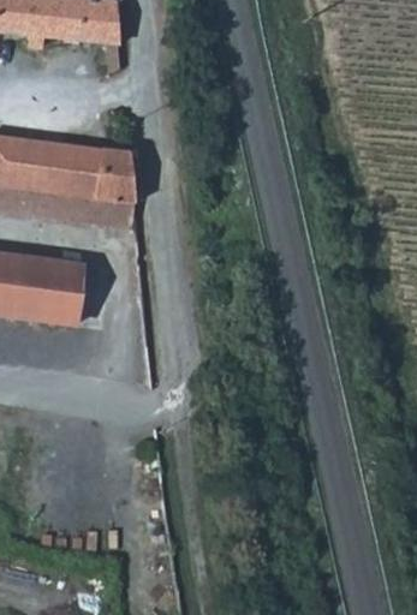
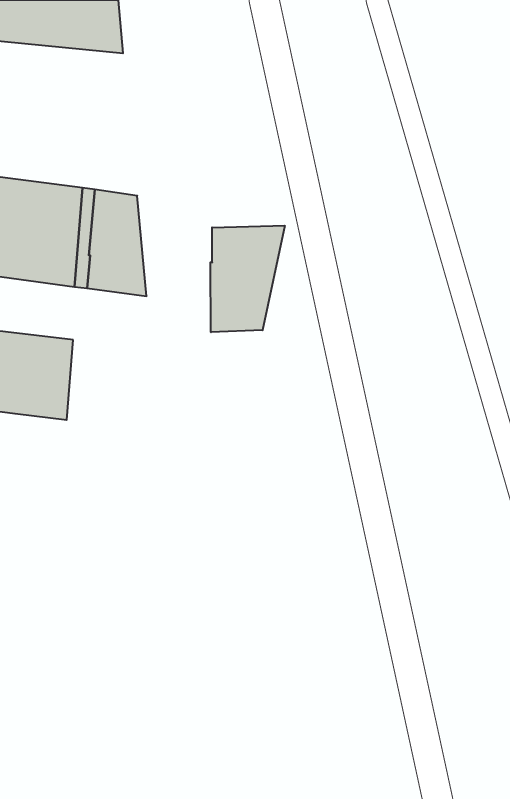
building: none -> [210,226,285,332]

